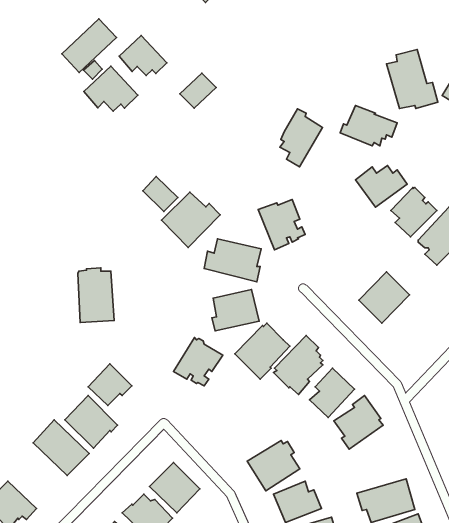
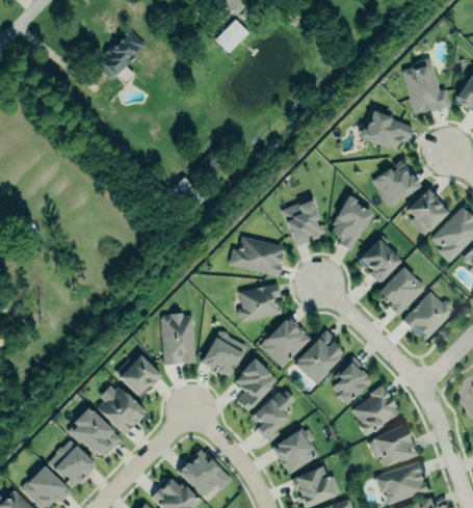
building: [119,35,167,76] -> none
building: [84,66,138,111] -> none
building: [180,73,216,108] -> [214,21,248,54]
building: [280,109,323,167] -> [332,195,372,250]
building: [161,192,220,247] -> none
building: none -> [357,240,400,284]
building: [78,268,114,323] -> [162,313,196,365]
building: none -> [402,293,455,343]
building: none -> [235,359,278,410]
building: none -> [251,391,296,443]
building: none -> [367,424,420,467]
building: none -> [47,440,96,490]

